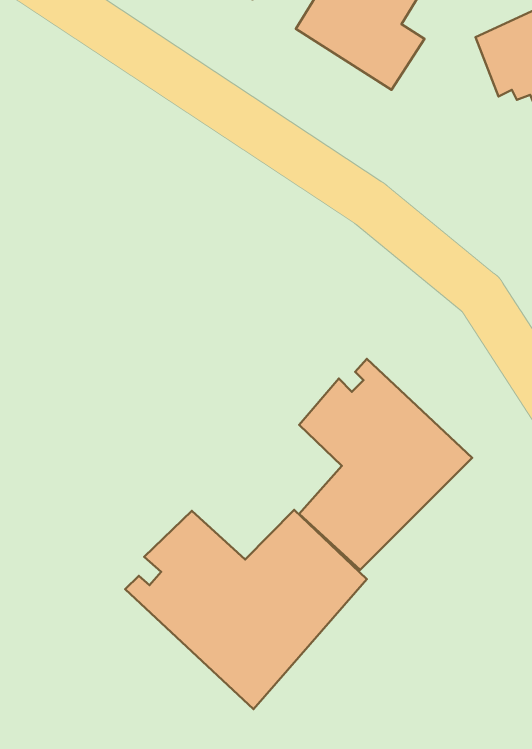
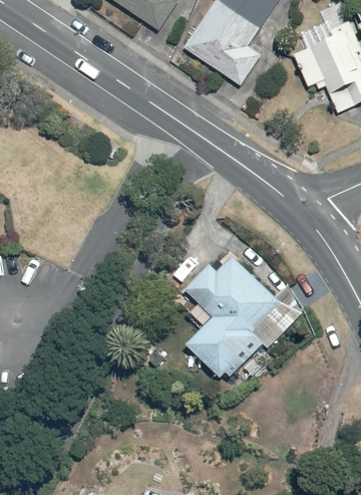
building: [125,510,367,709] -> none

